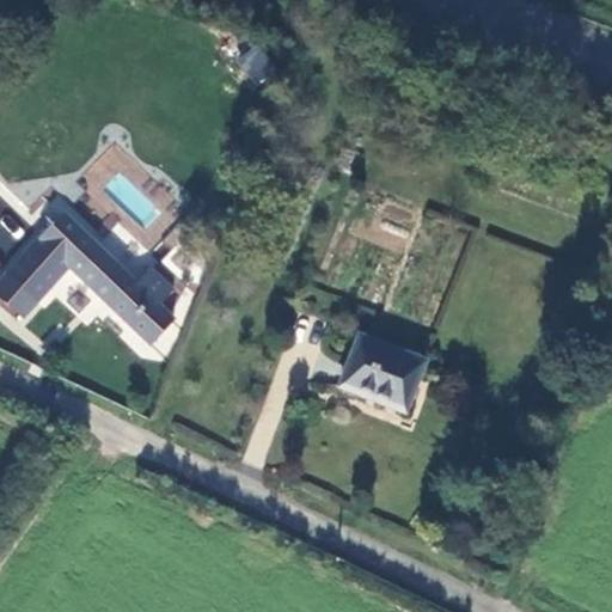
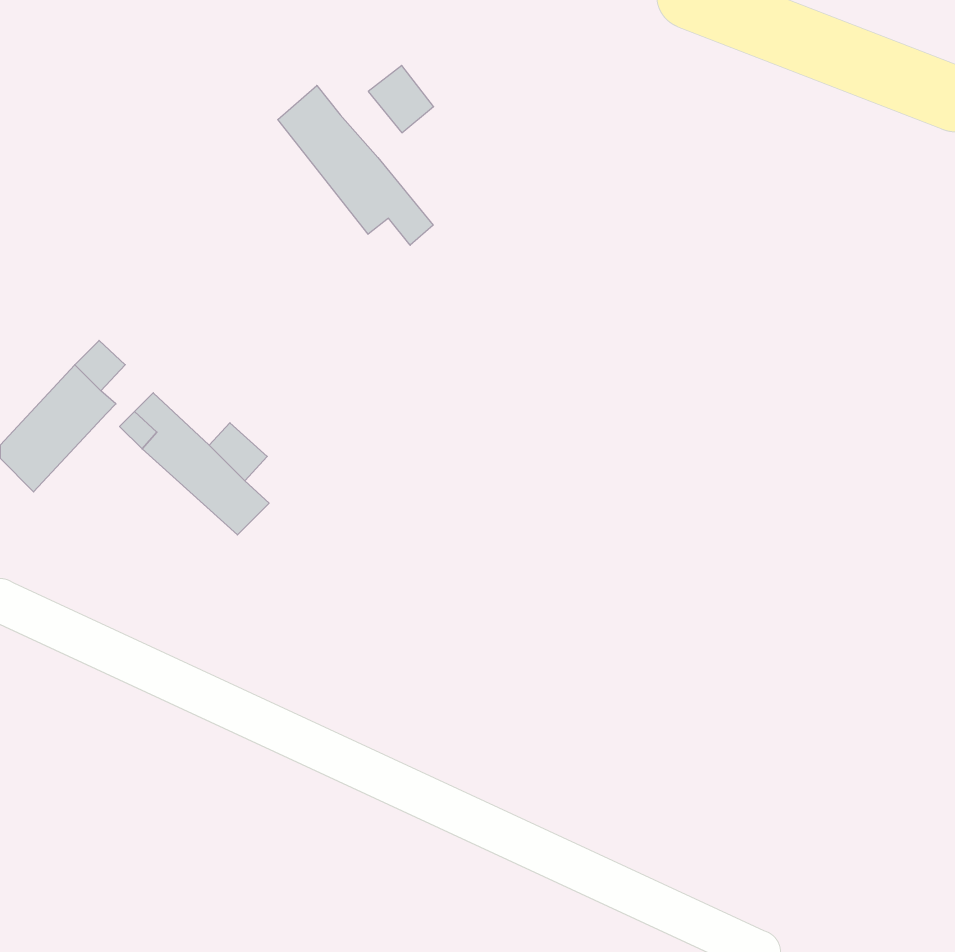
building: none -> [278,85,433,245]
building: [341,338,420,406] -> none

